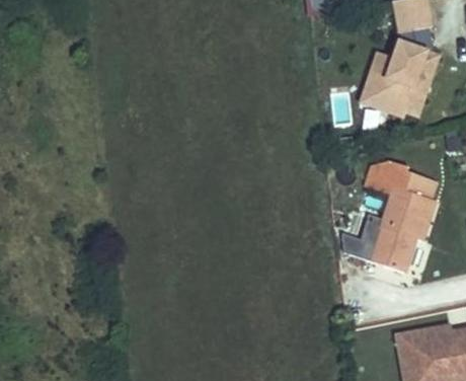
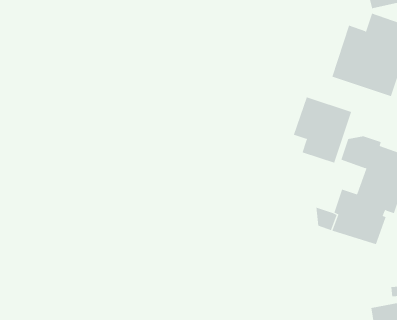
building: none -> [293,96,352,163]

